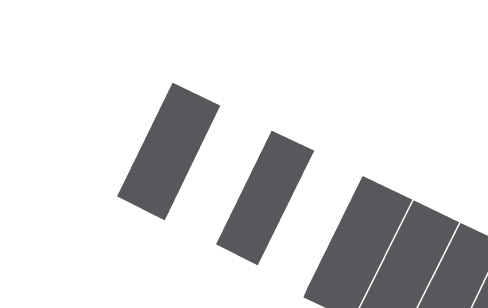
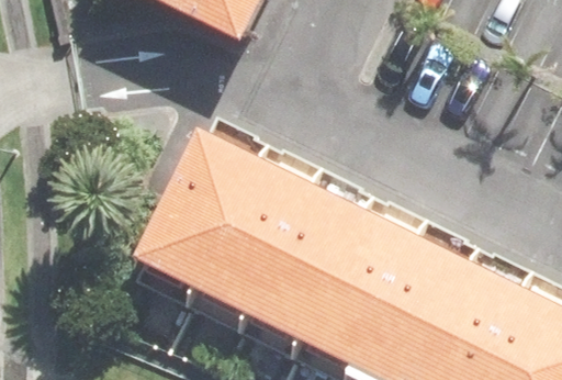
building: none -> [186,146,304,302]
building: none -> [290,197,406,351]

